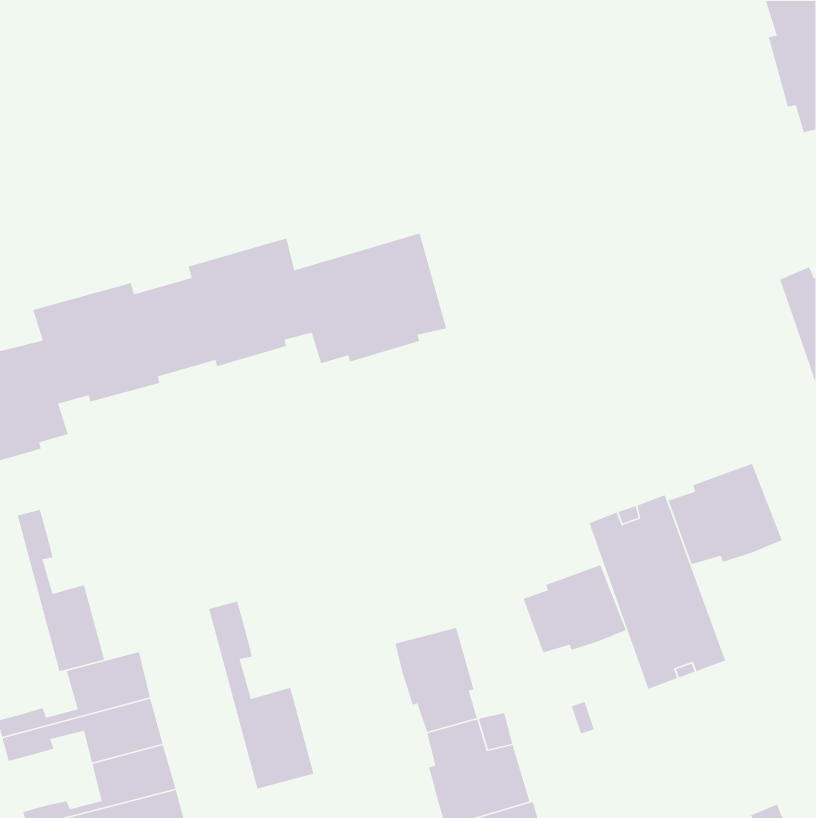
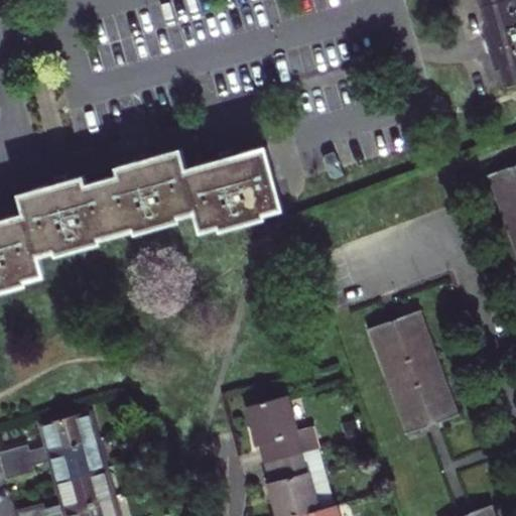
building: [668,463,783,565] -> none
building: [17,509,105,672] -> none
building: [523,564,627,654] -> none
building: [208,600,314,789] -> none

